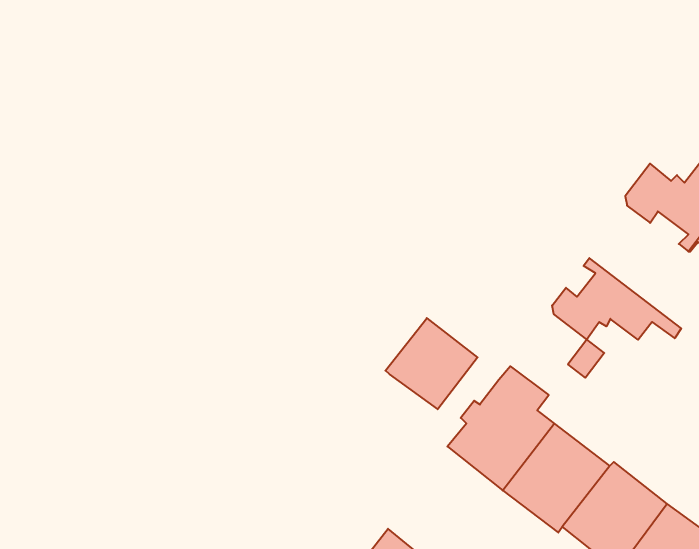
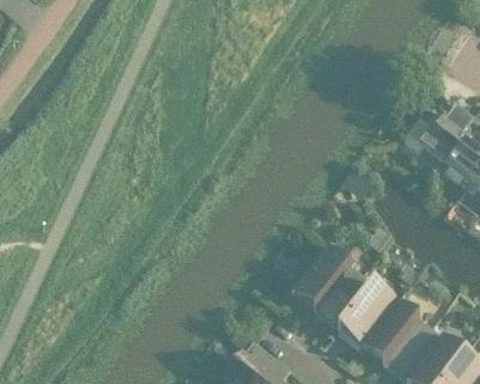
building: [552,258,681,340] -> none
building: [385,318,478,409] -> none

